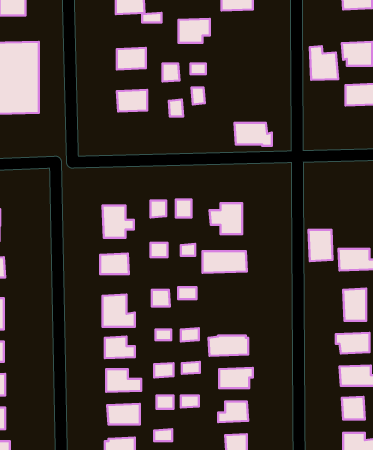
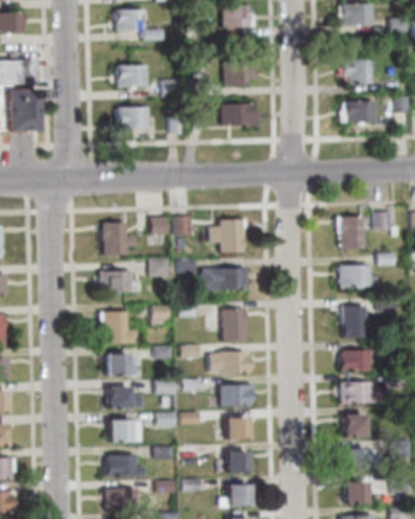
building: [178,19,210,43] -> [225,60,256,84]
building: [310,46,338,80] -> none
building: [235,123,272,146] -> [221,102,259,125]
building: [309,230,333,261] -> [340,217,364,248]
building: none -> [223,308,245,341]

